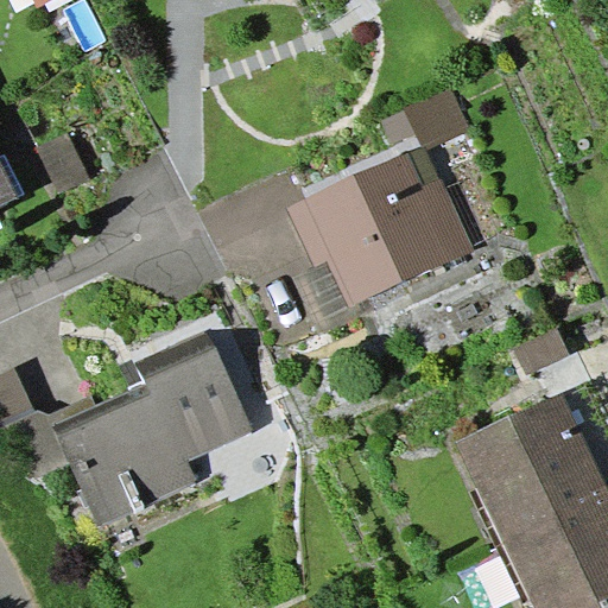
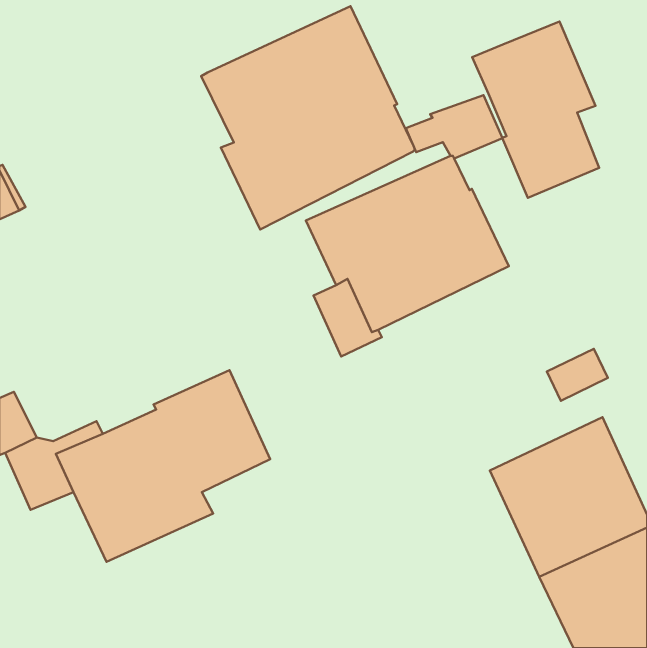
building: none -> [201,6,415,229]
building: none -> [472,22,599,198]

